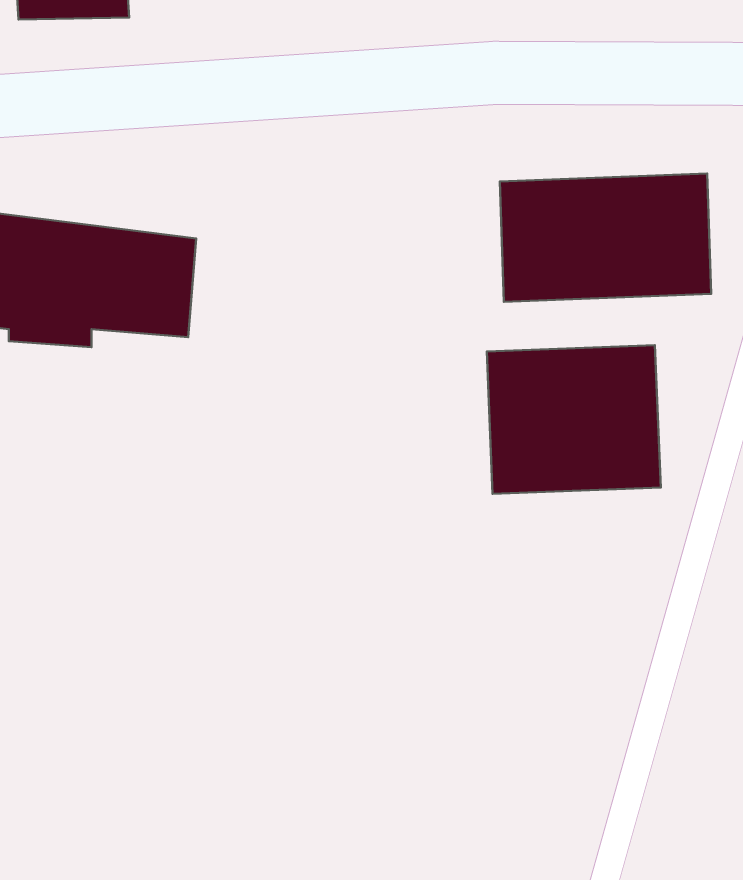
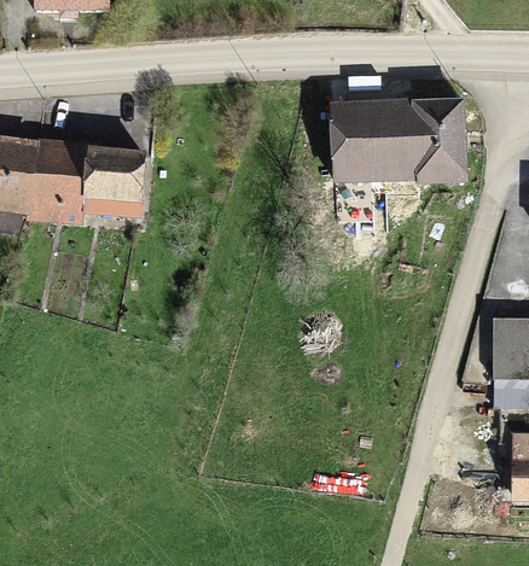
building: [487,345,661,494] -> none

